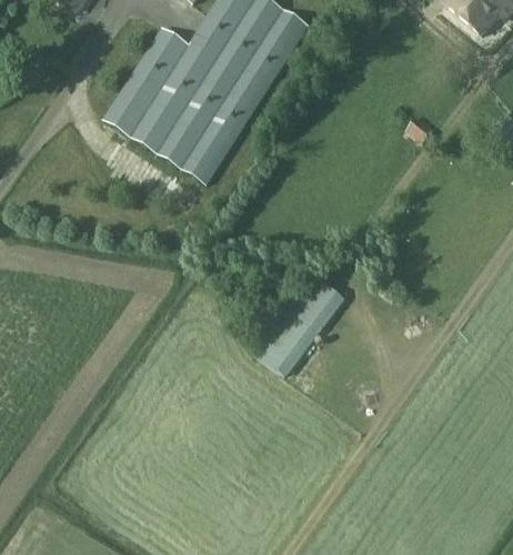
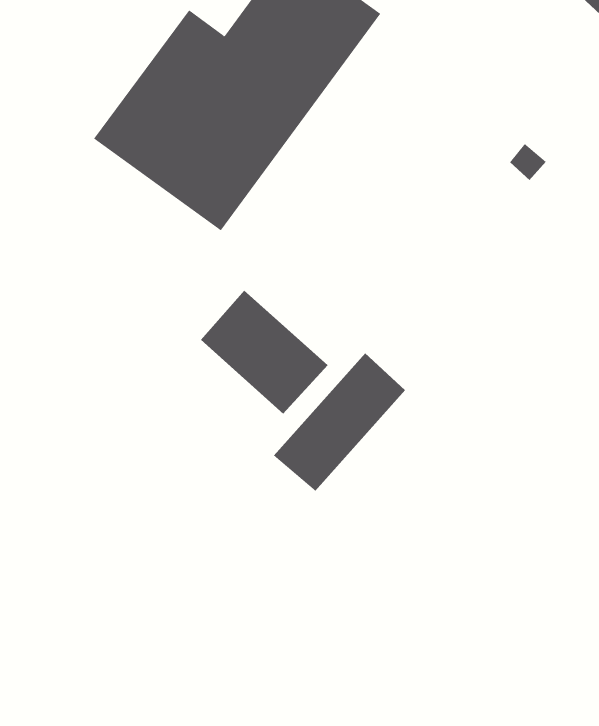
building: none -> [200,290,329,415]

